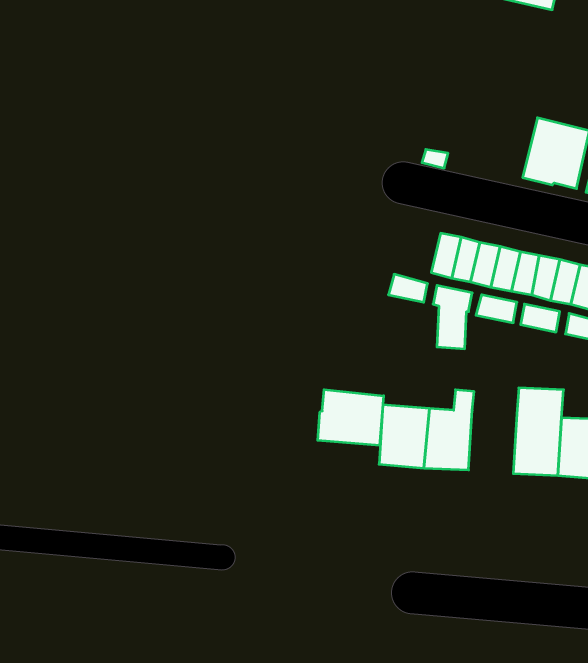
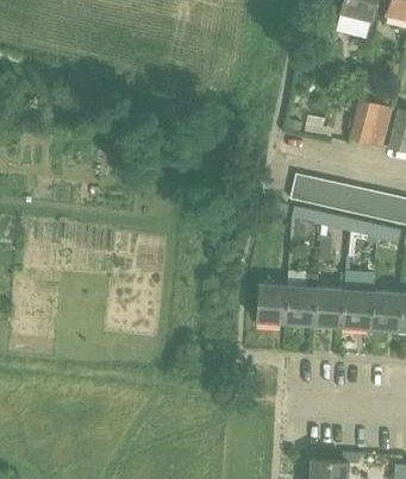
building: [318,390,384,445] -> none
building: none -> [314,286,345,327]

